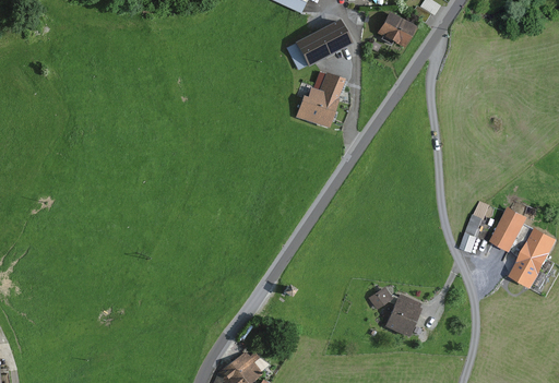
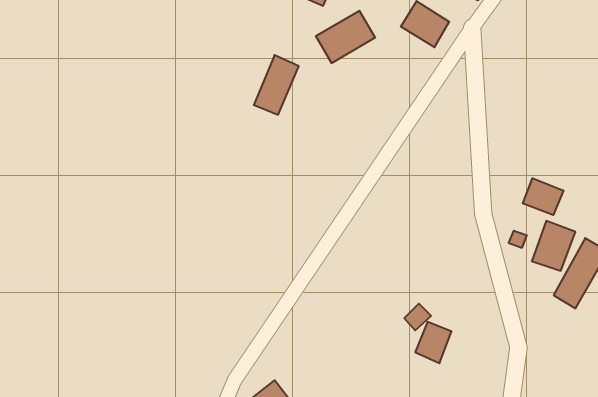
building: [306,71,346,124] -> [254,55,299,115]
building: none -> [523,178,563,215]

